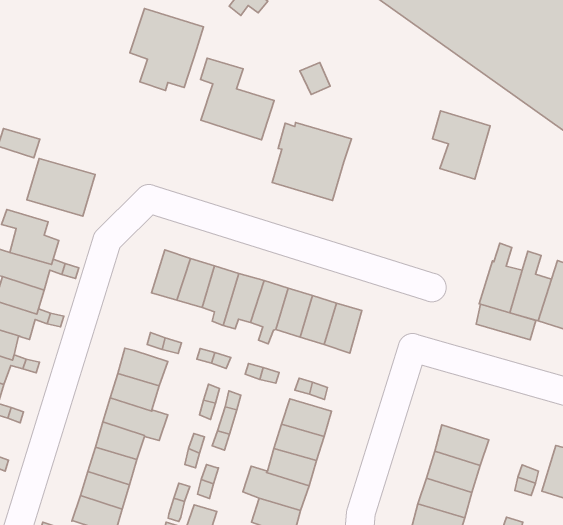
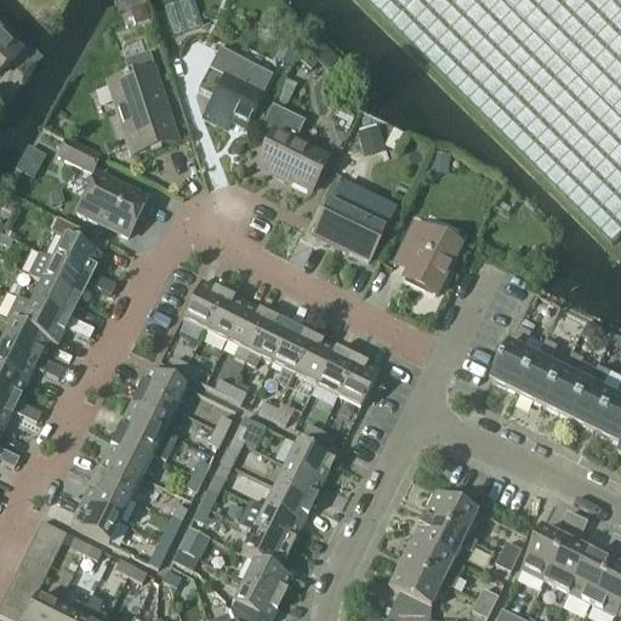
building: none -> [108,51,178,154]
building: [432,111,490,179] -> [401,221,458,291]
building: [476,304,536,340] -> none

